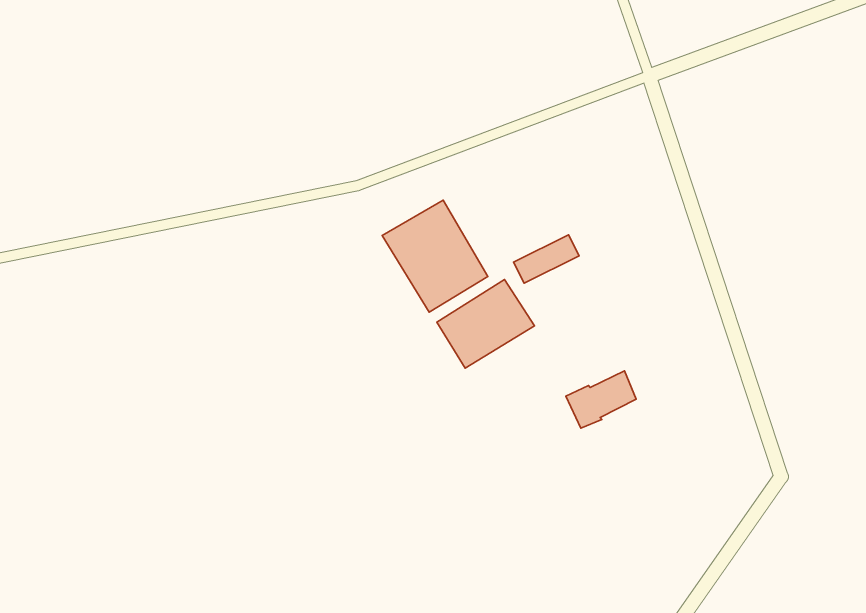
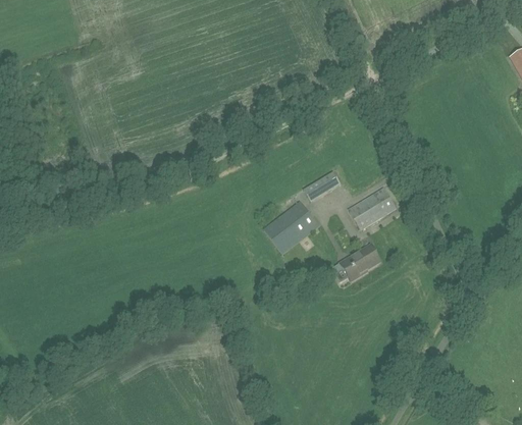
building: [382,200,488,312] -> none
building: none -> [349,187,397,228]

